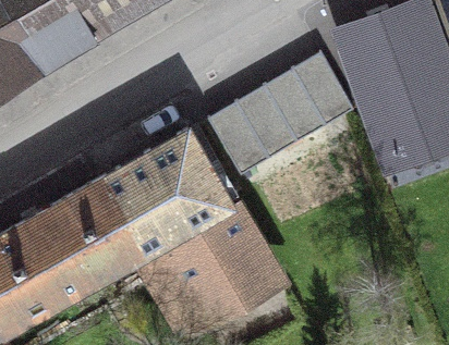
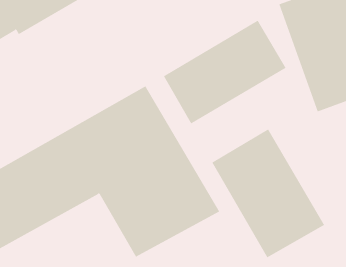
building: none -> [211,128,325,258]

